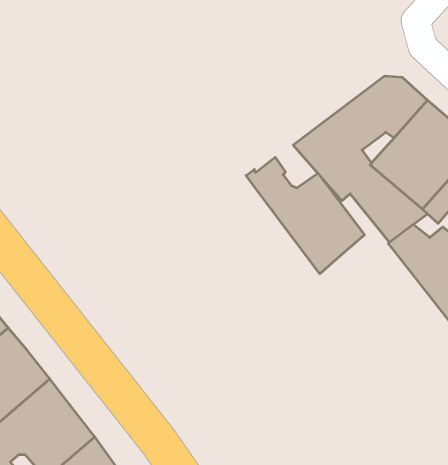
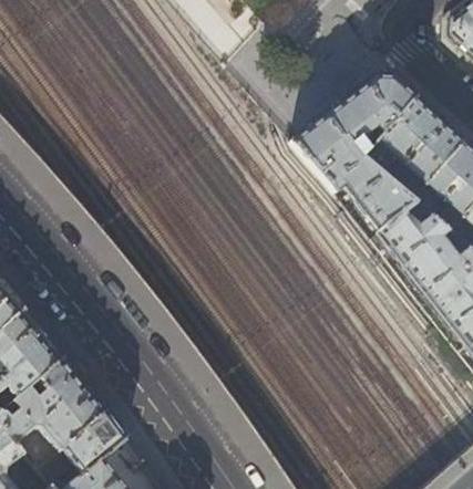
building: [246,157,364,274] -> none

